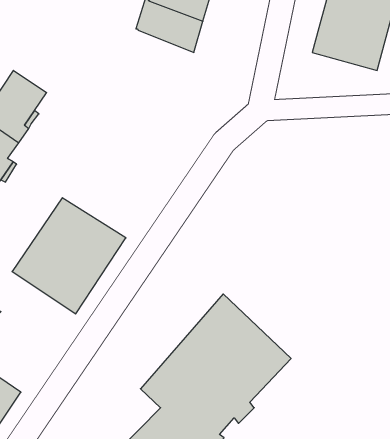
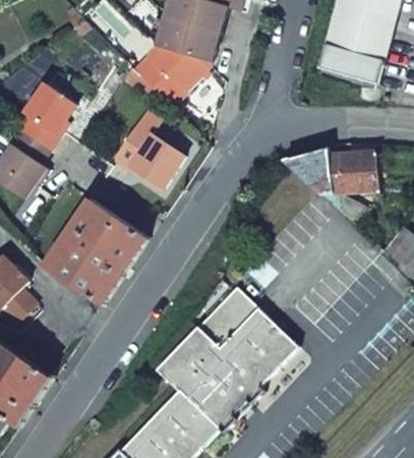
building: none -> [132,46,209,107]
building: none -> [114,122,184,189]
building: none -> [280,146,375,192]

